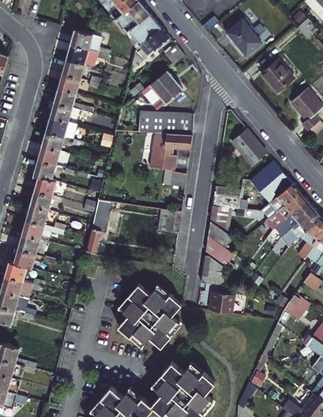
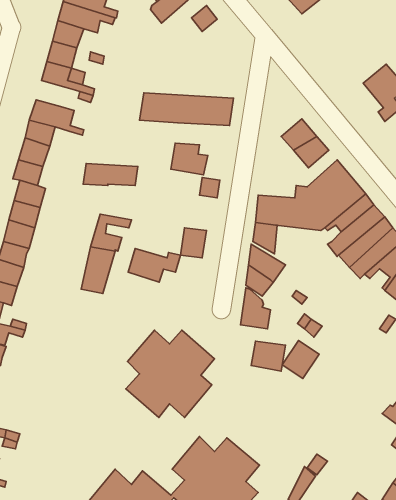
building: [263,58,295,90] -> none
building: [148,71,181,104] -> none
building: [51,101,80,122] -> none
building: [153,132,193,148] -> [83,164,138,185]
building: none -> [128,248,180,282]
building: [282,291,309,319] -> [282,340,319,379]

